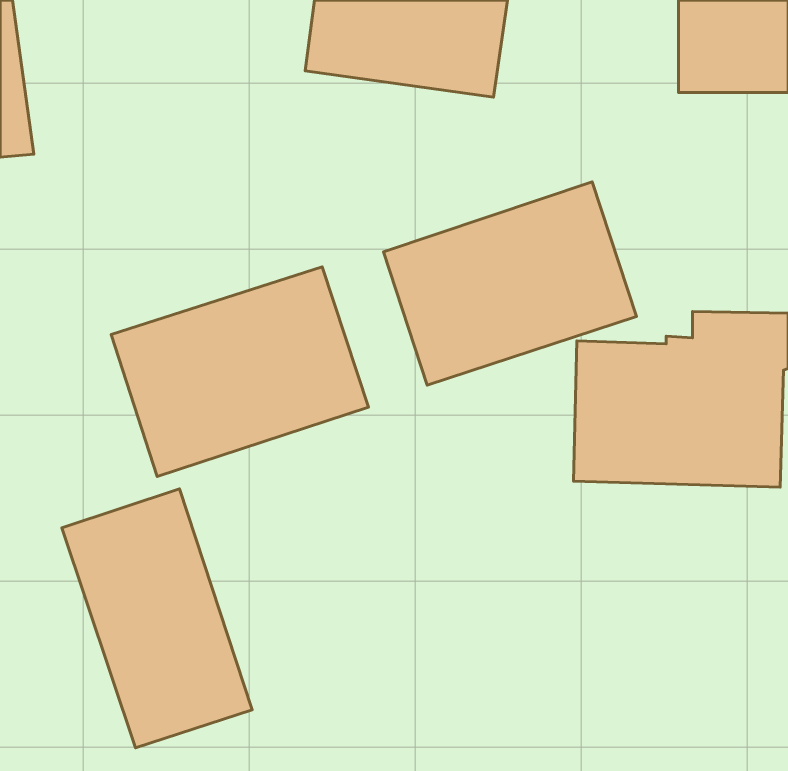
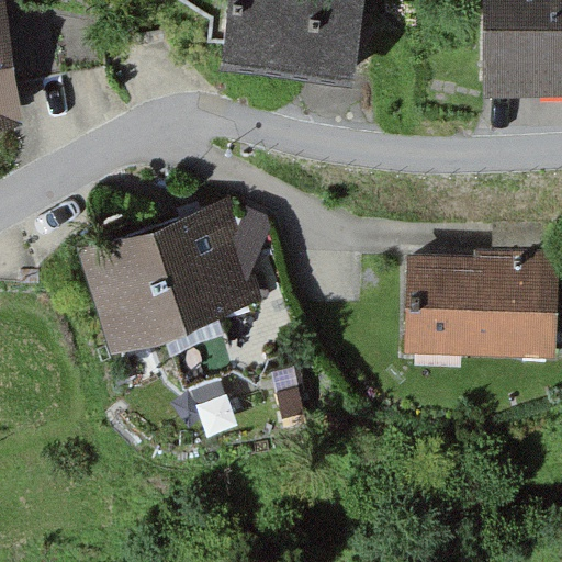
building: [384,182,637,385] -> none
building: [62,489,252,748] -> none

